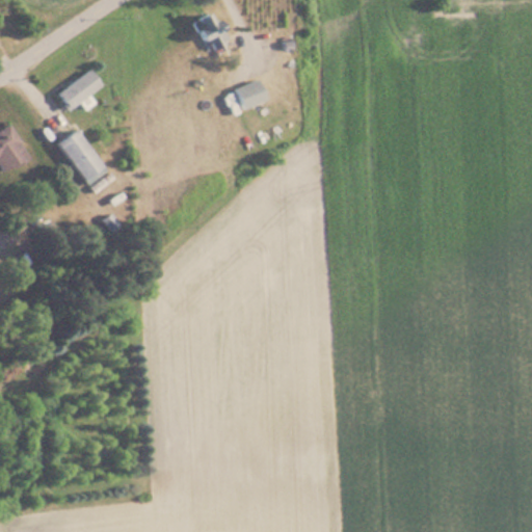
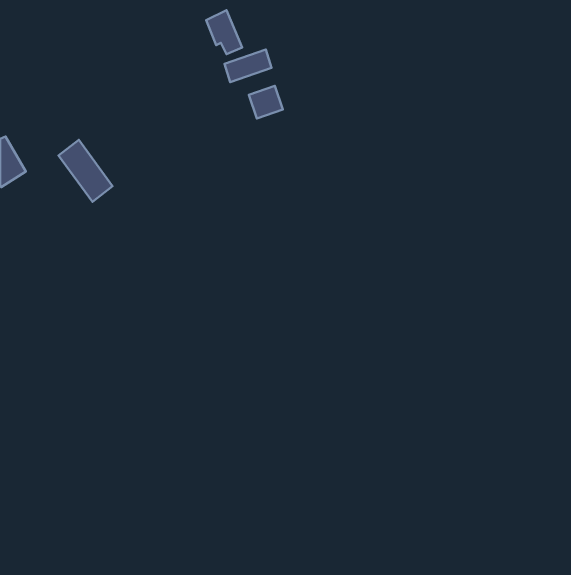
building: none -> [224,50,271,82]
building: [58,71,102,110] -> none

